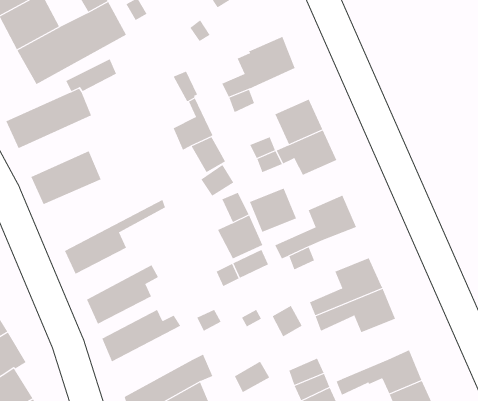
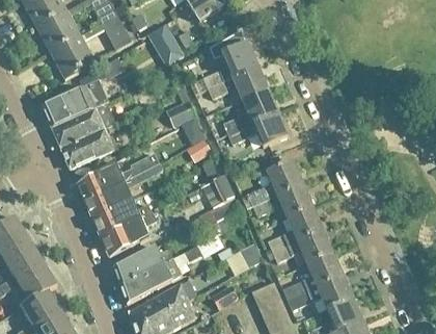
building: none -> [147,24,184,66]
building: none -> [233,66,268,100]
building: none -> [51,101,115,147]
building: none -> [77,154,159,202]
building: [249,188,297,232] -> [277,184,312,217]
building: none -> [93,200,151,238]
building: none -> [282,253,343,300]
building: none -> [120,258,181,303]

